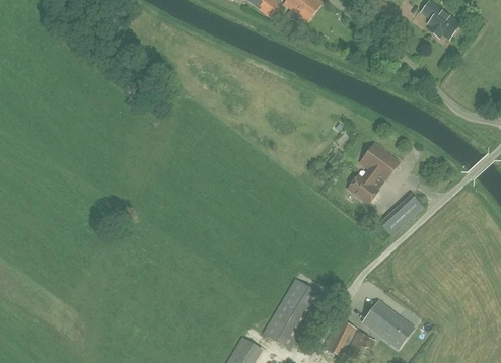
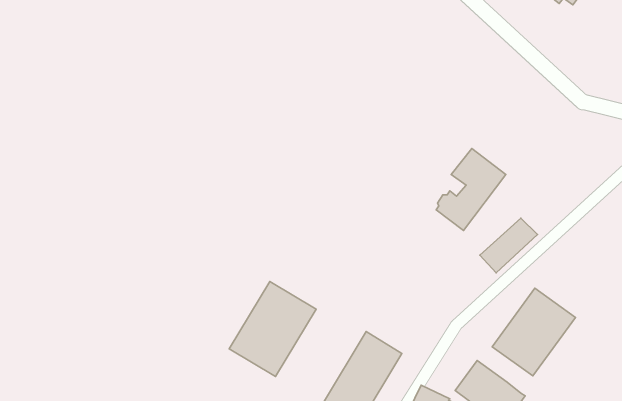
building: none -> [229,282,316,377]
building: none -> [492,288,576,376]

